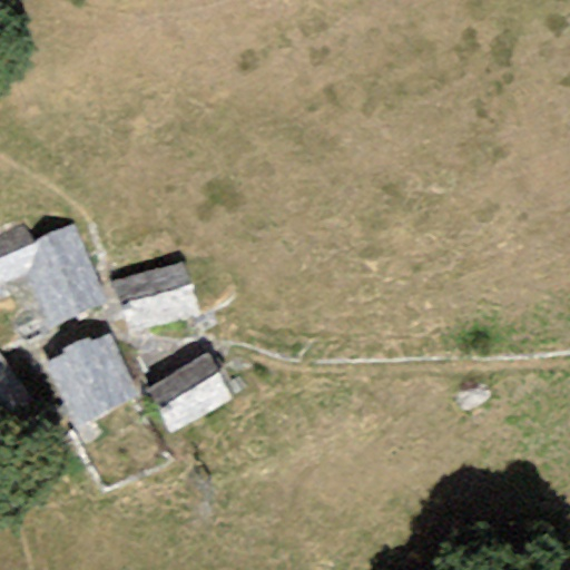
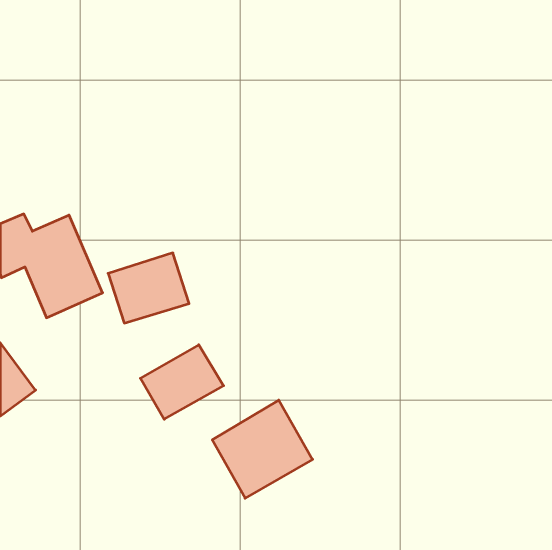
building: [45,332,140,426] -> none
building: none -> [212,400,313,498]

